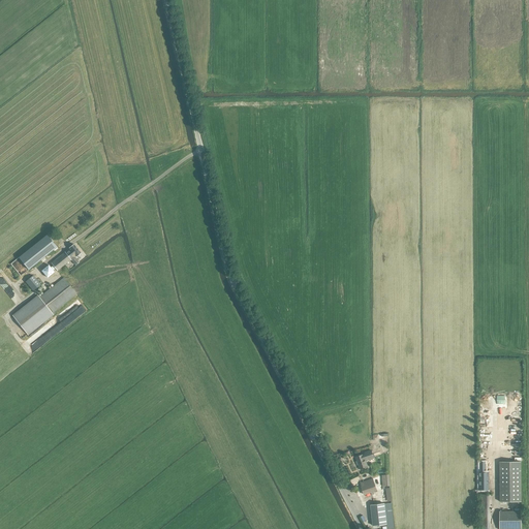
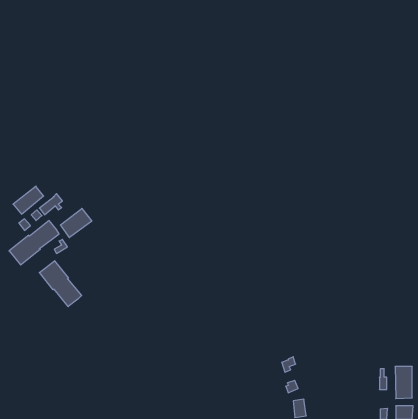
building: none -> [60,208,92,238]
building: none -> [39,261,82,307]

